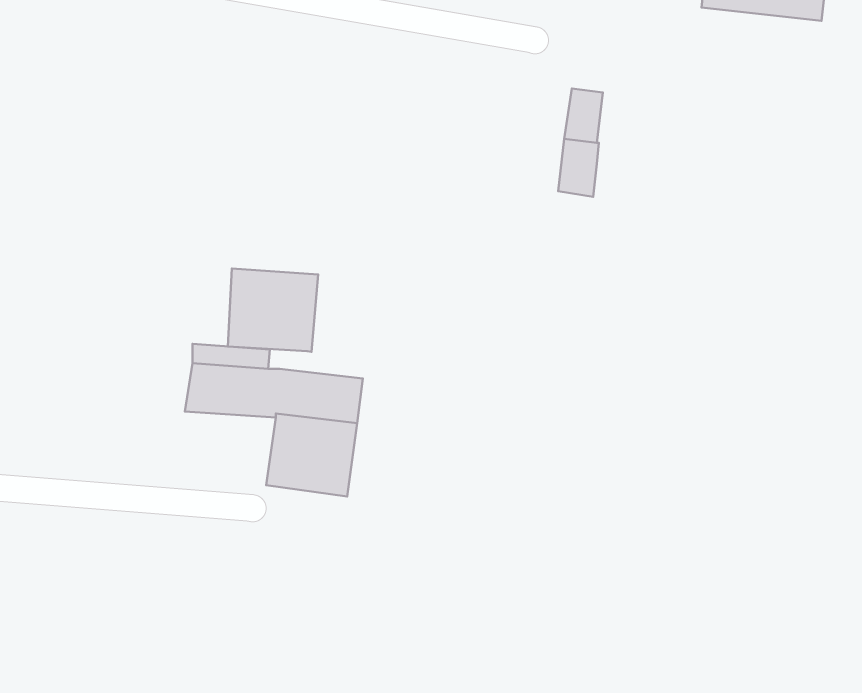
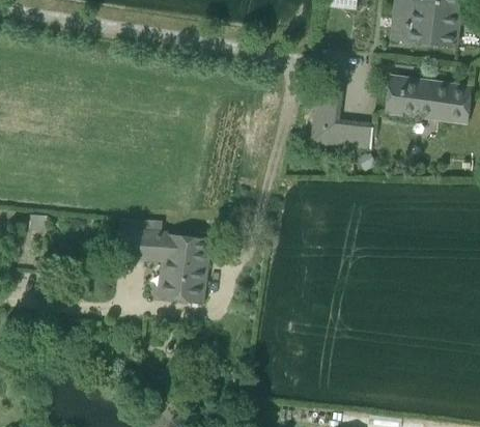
building: none -> [385,77,471,122]
building: none -> [332,123,369,147]
building: [228,269,318,352] -> none

